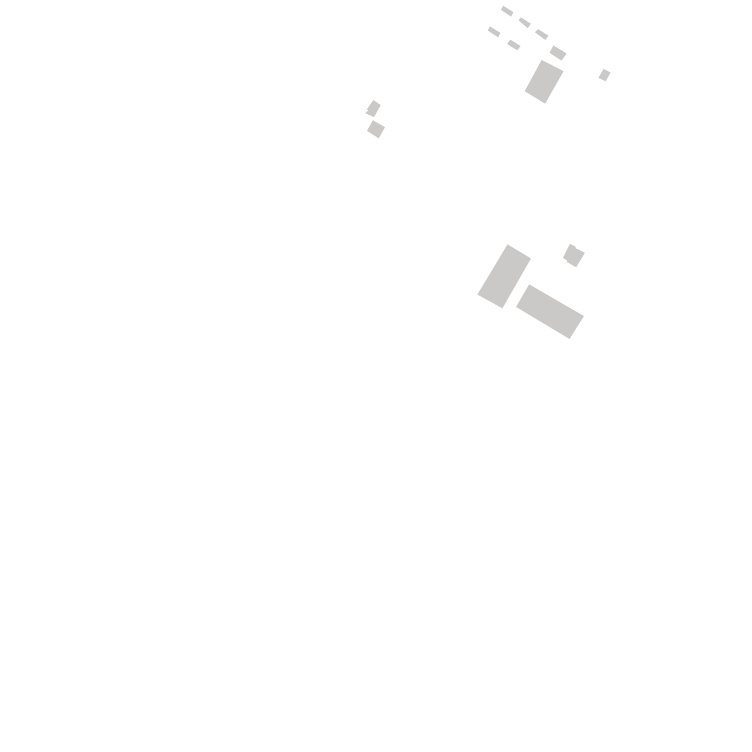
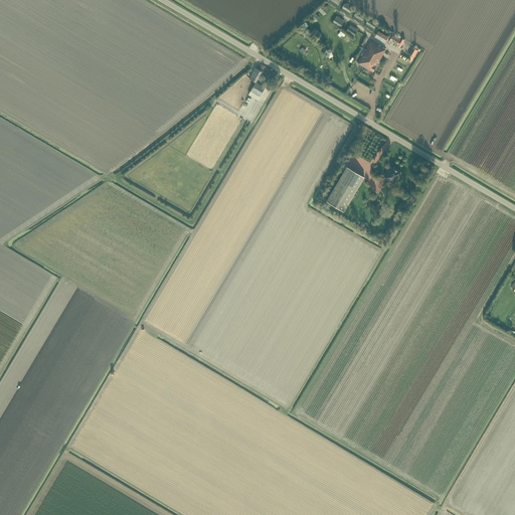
building: [515,283,585,340] -> none

